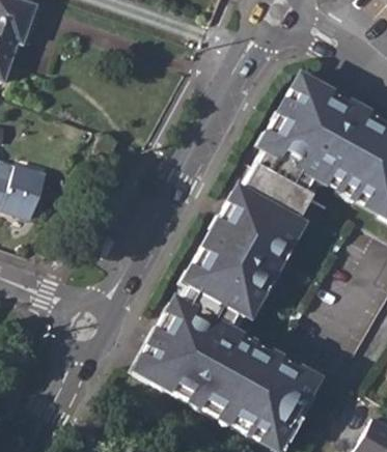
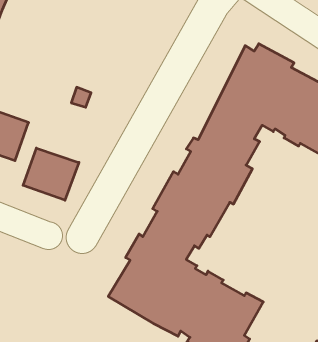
building: none -> [23,148,79,200]

